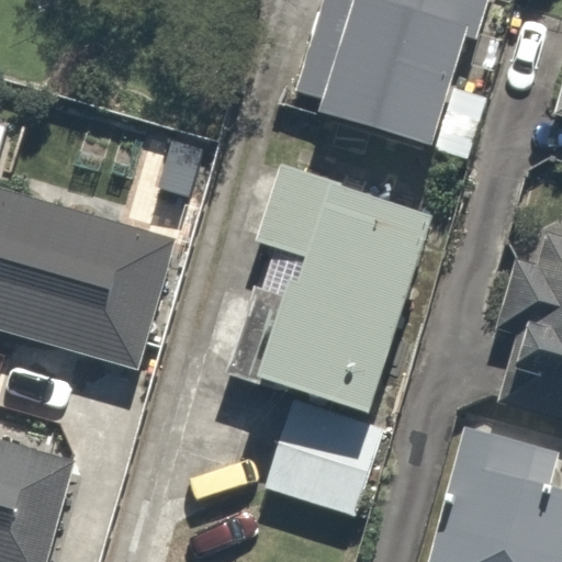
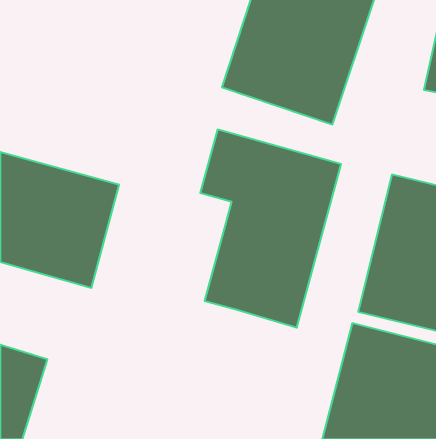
building: [247,387,387,520] -> none

